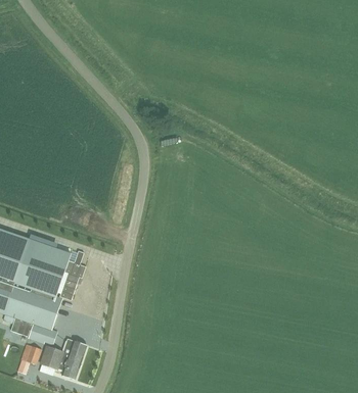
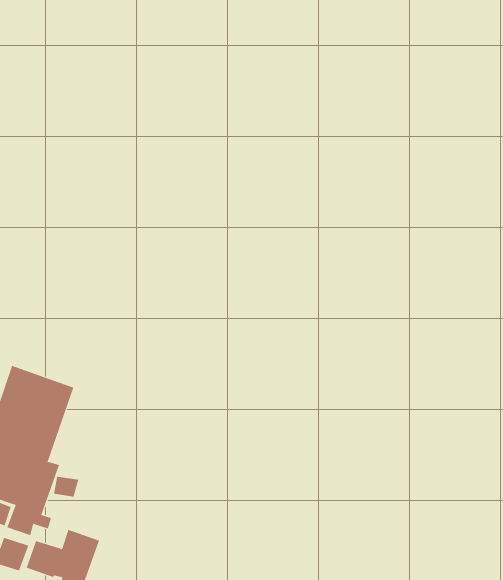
building: [58,249,84,298] -> none

